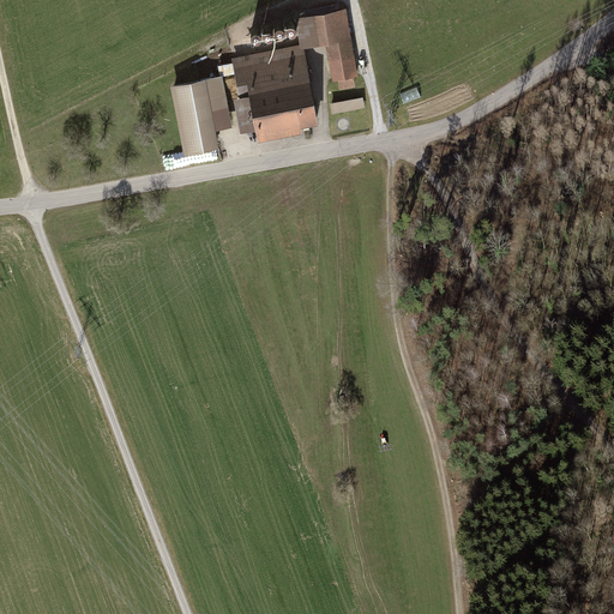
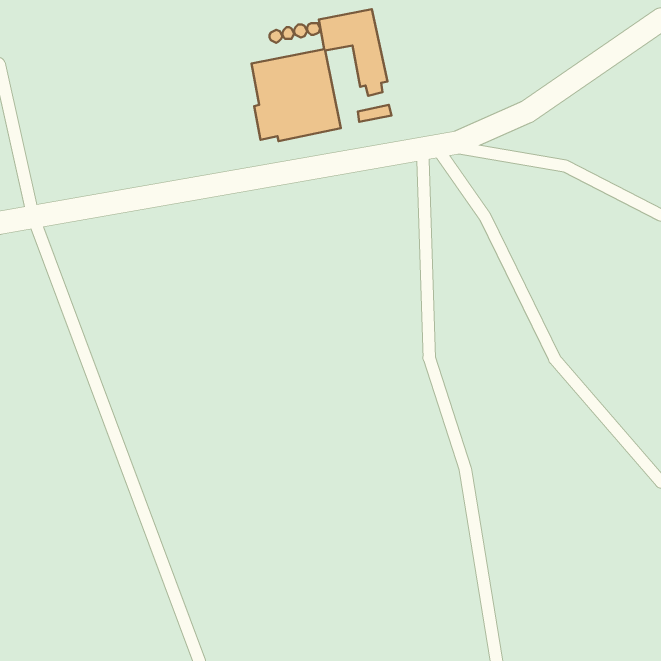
building: [171,78,229,150] -> none

